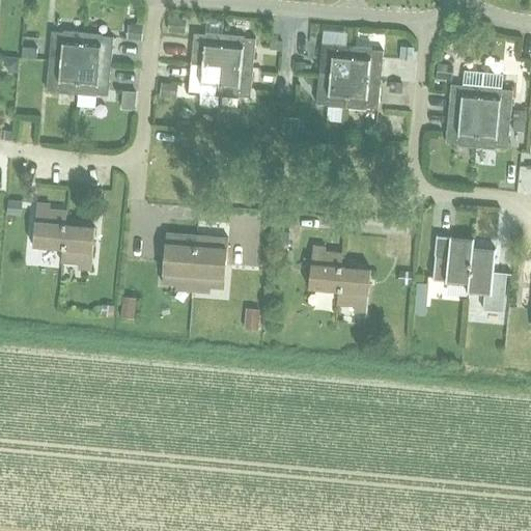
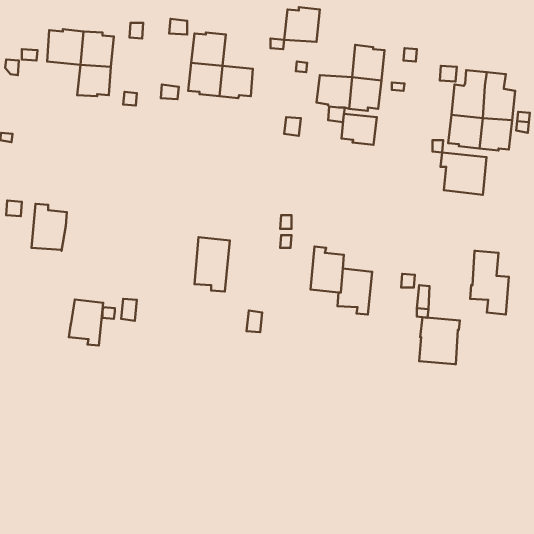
building: [221,34,254,68] -> none
building: [317,43,353,77] -> [284,7,320,42]
building: [45,61,80,94] -> none
building: none -> [341,114,377,145]
building: none -> [440,153,487,195]
building: [59,224,93,270] -> [69,300,103,346]
building: [162,232,197,285] -> none
building: [432,236,473,283] -> [419,317,460,364]

